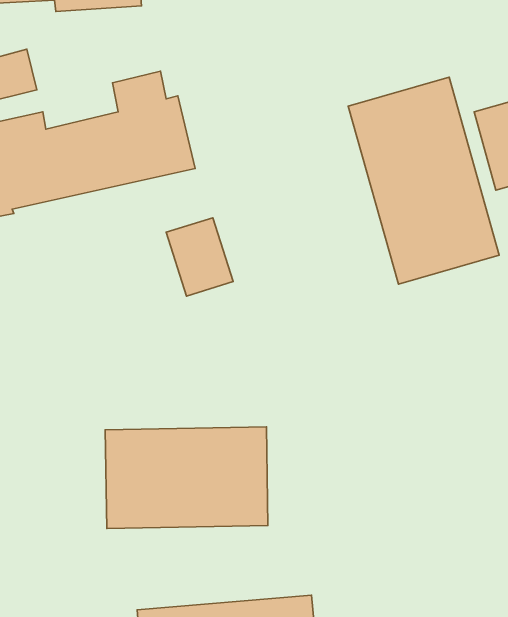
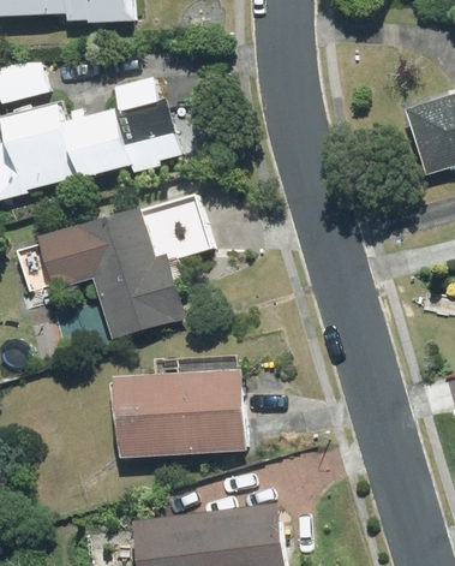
building: [348,77,499,284] -> none
building: none -> [36,213,180,339]

